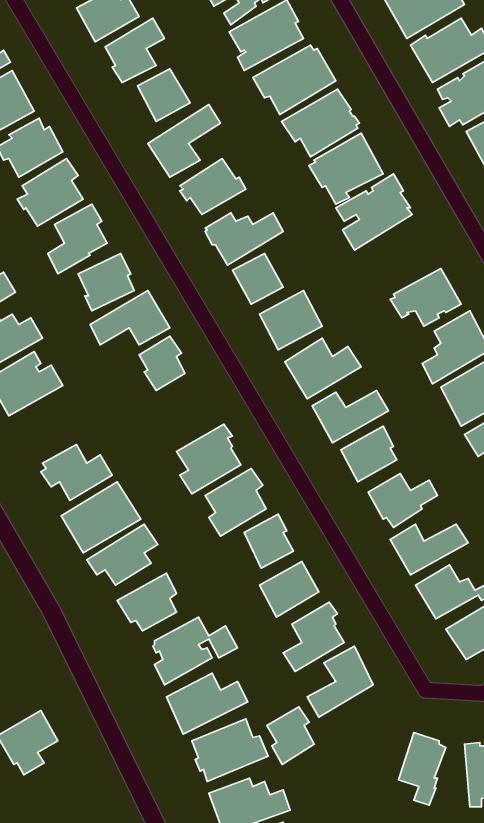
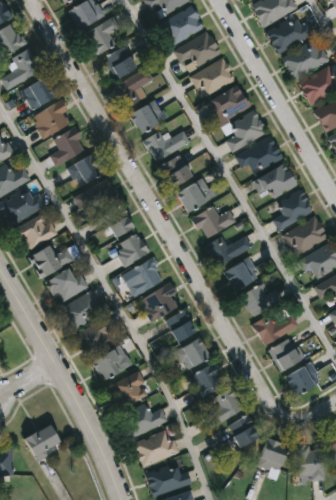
building: none -> [235,136,284,171]
building: none -> [116,231,149,267]
building: none -> [30,246,74,278]
building: [267,707,314,764] -> [228,415,256,449]

